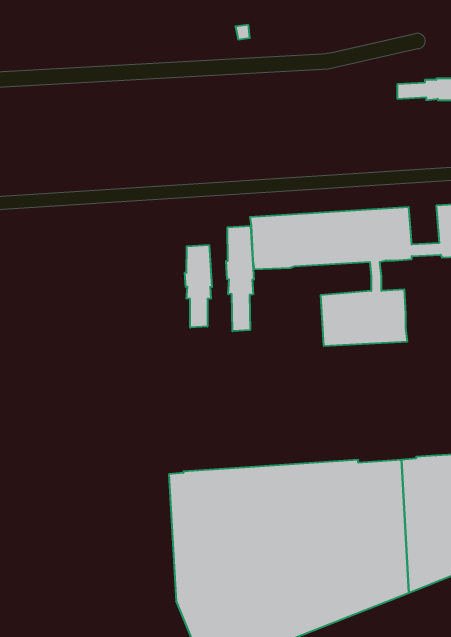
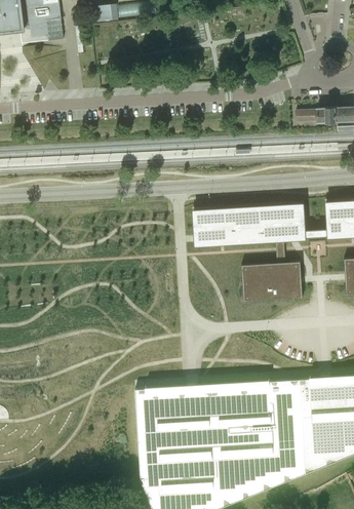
building: [226,226,254,331] -> none
building: [185,245,212,328] -> none

